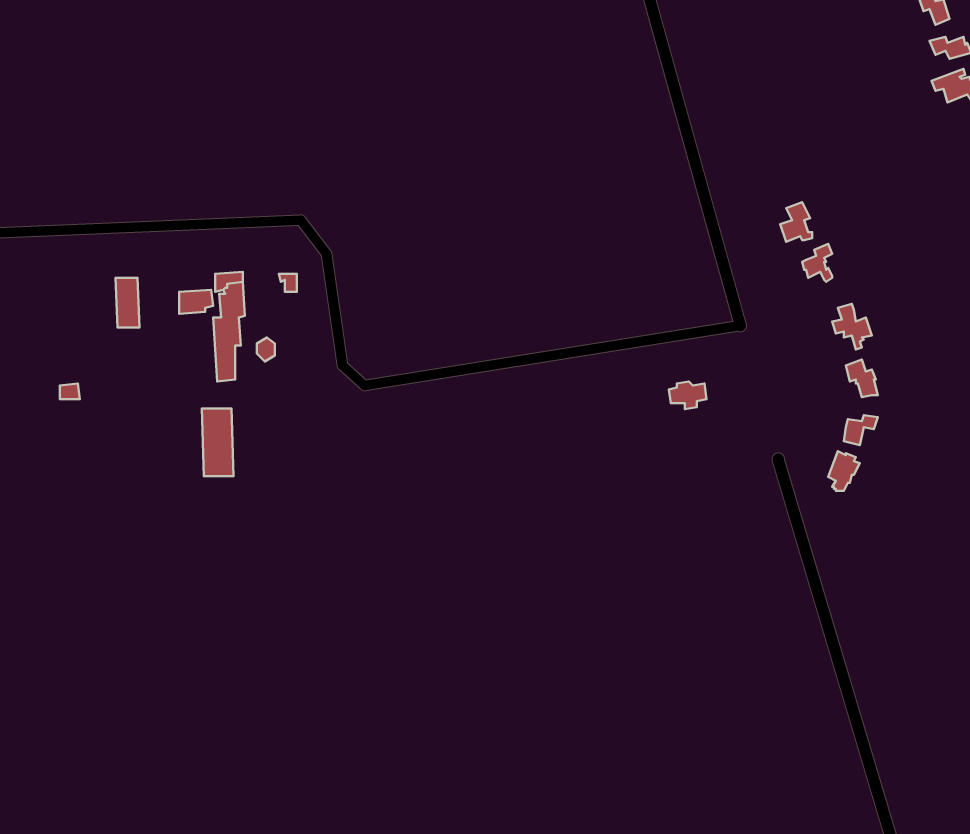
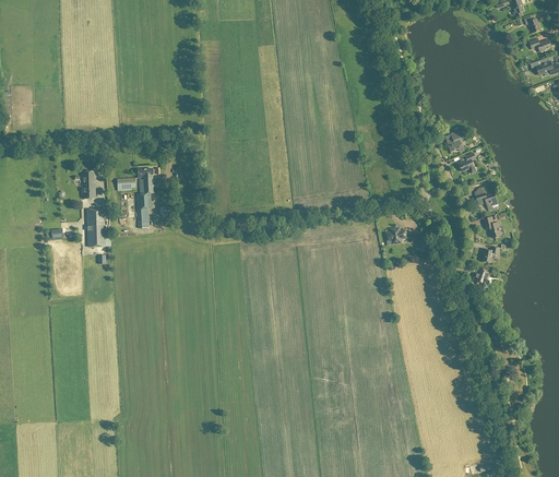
building: [202,408,234,476] -> [88,208,106,246]

